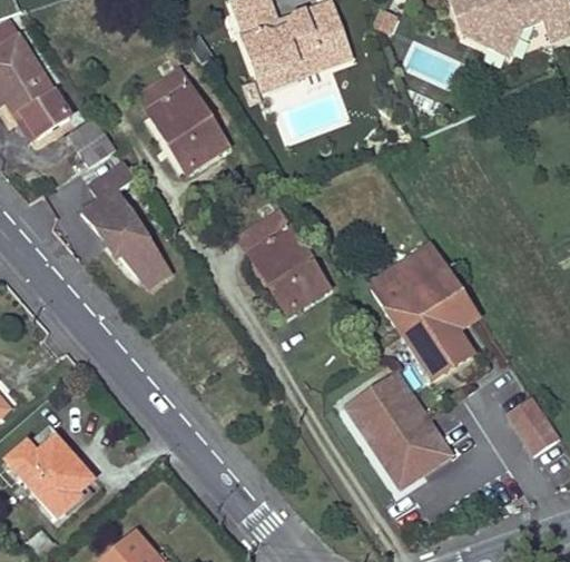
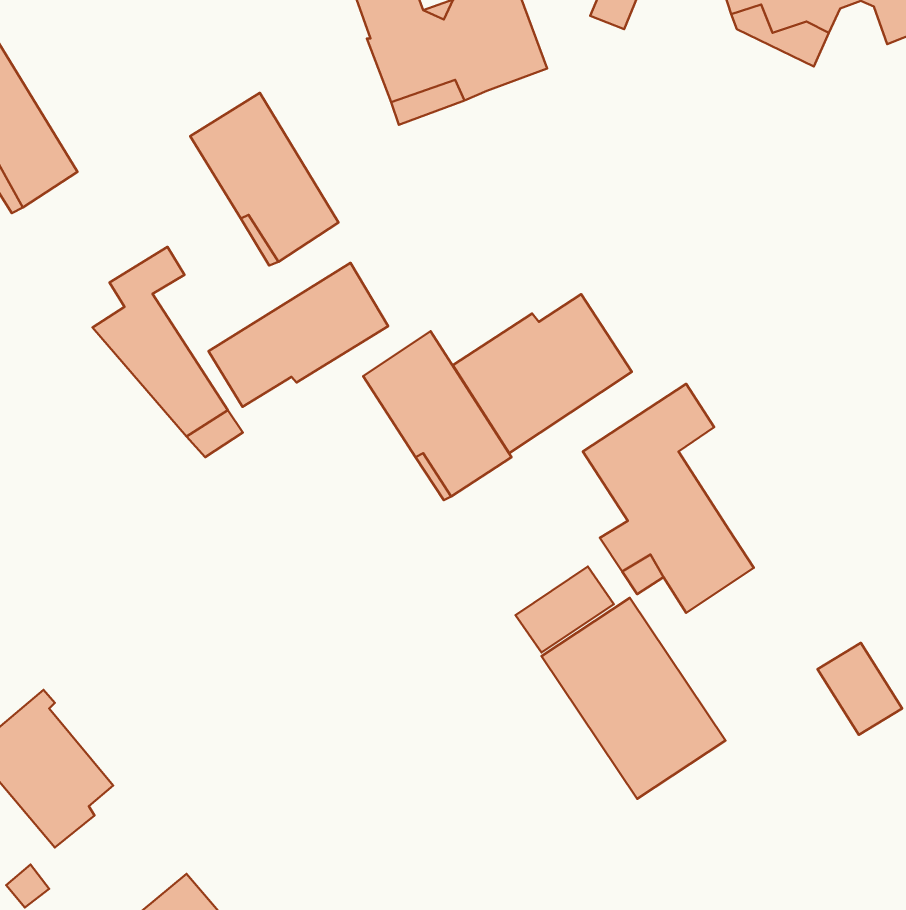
building: [70,119,112,164] -> none
building: none -> [208,263,388,407]
building: none -> [453,294,632,453]
building: [426,268,479,329] -> none
building: none -> [515,567,614,653]

